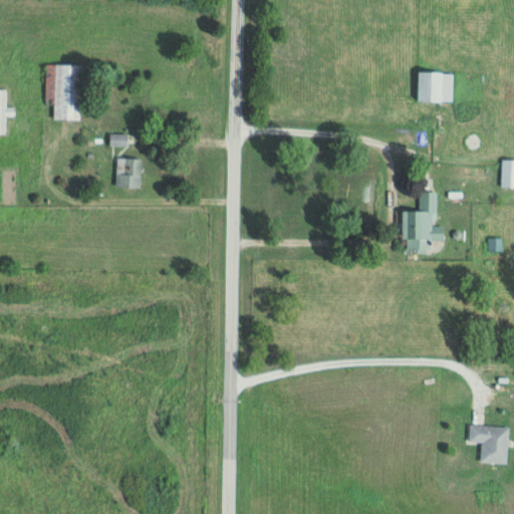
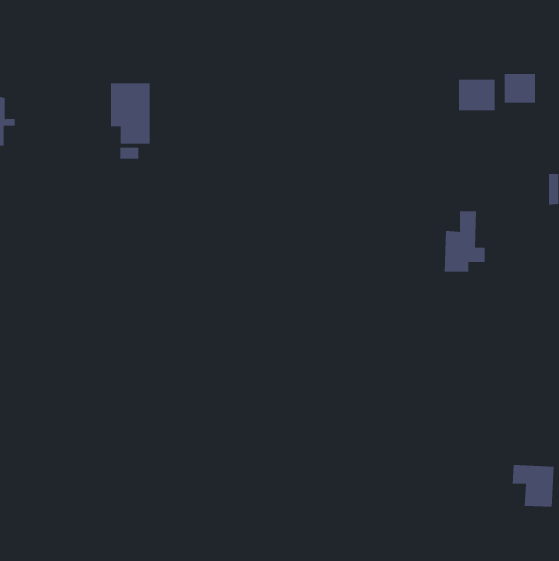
building: [44,64,81,120] -> [110,83,151,144]
building: none -> [504,73,535,103]
building: [115,159,141,188] -> none

